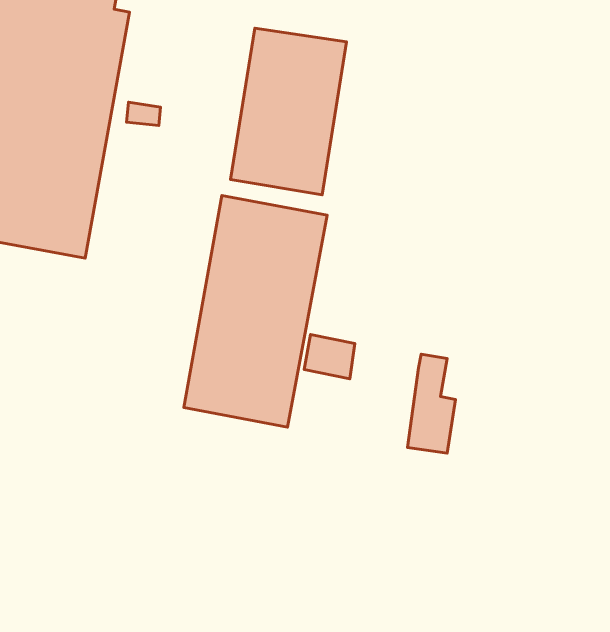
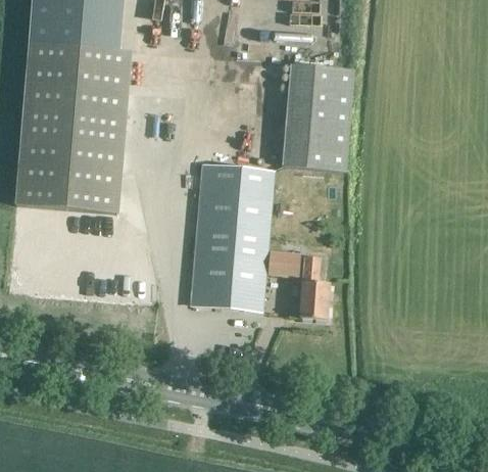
building: [231,28,347,195] -> [282,64,349,170]
building: [407,354,456,453] -> [301,254,330,318]

